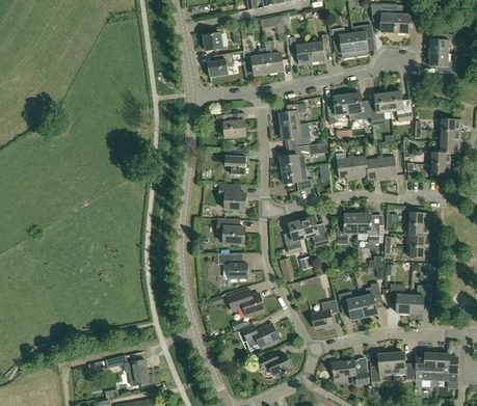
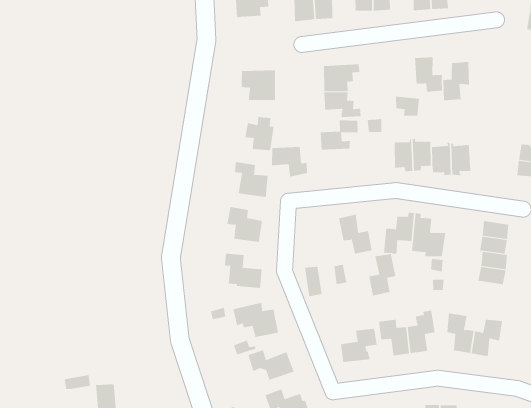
building: [388,90,412,119] -> none
building: [327,93,349,123] -> none
building: [283,166,312,190] -> [271,146,308,177]
building: [285,219,306,252] -> [369,254,396,296]

